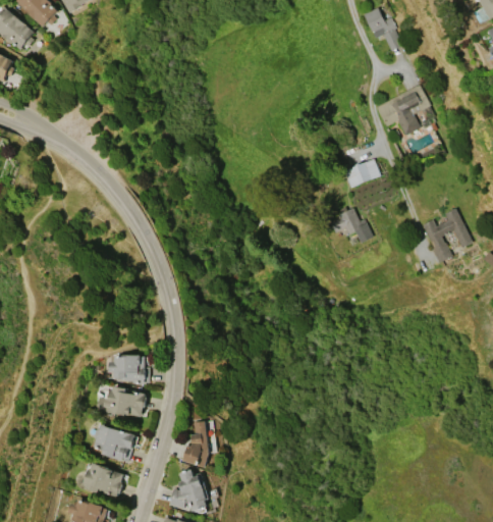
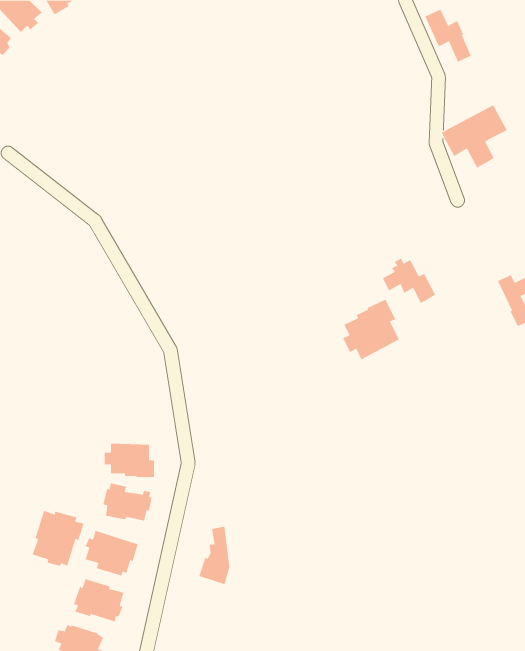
building: [343,159,380,189] -> none
building: none -> [342,299,400,360]
building: none -> [32,510,84,566]
building: [170,470,209,512] -> none

